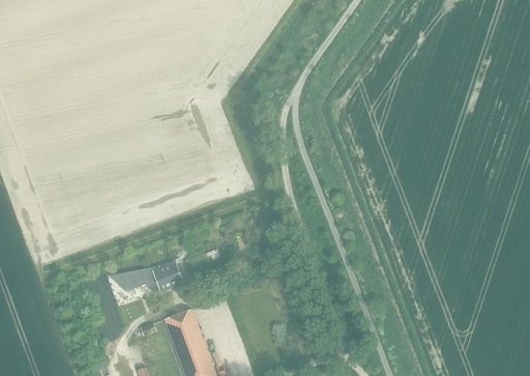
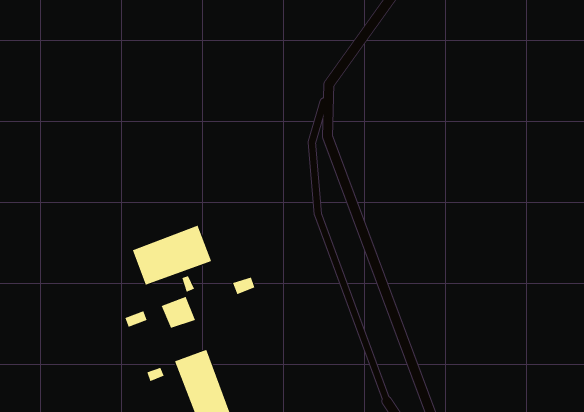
building: none -> [132,225,212,285]

